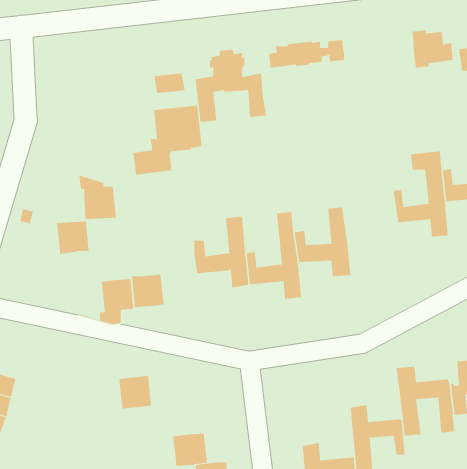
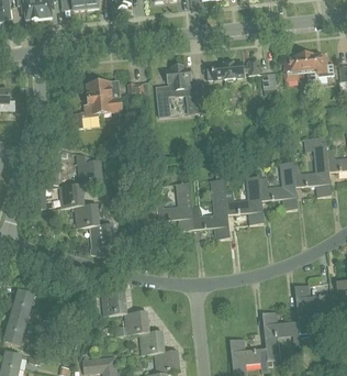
building: none -> [284,53,306,80]
building: [132,105,203,175] -> [71,80,120,129]
building: none -> [258,159,298,208]
building: [131,274,165,308] -> [76,203,99,226]
building: none -> [114,310,149,334]

